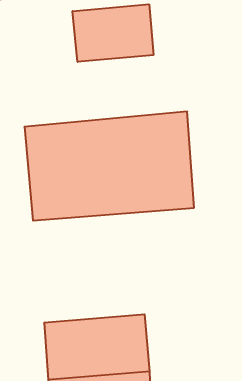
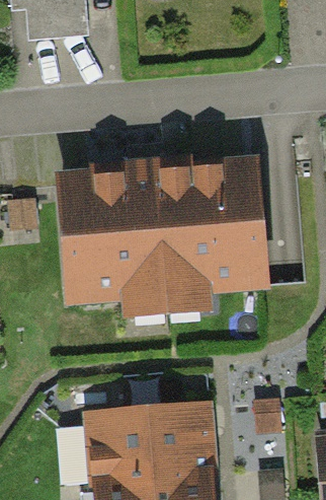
building: [73,4,153,62] -> none

